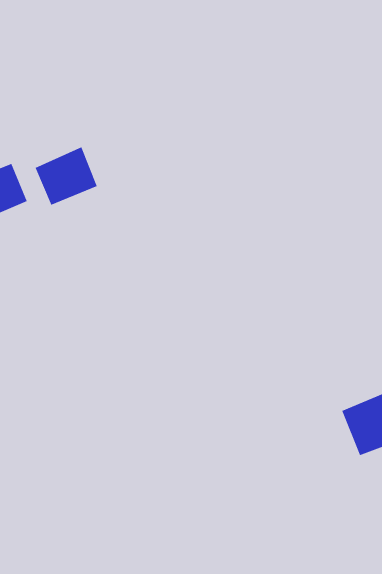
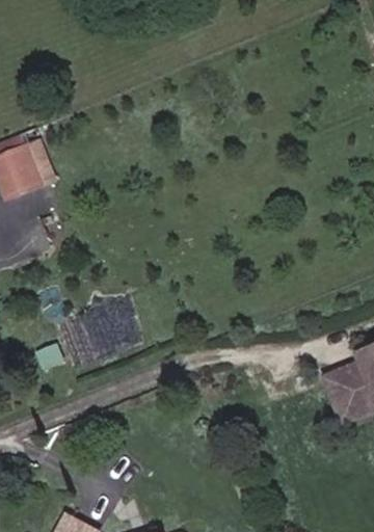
building: [34,146,98,206] -> none

